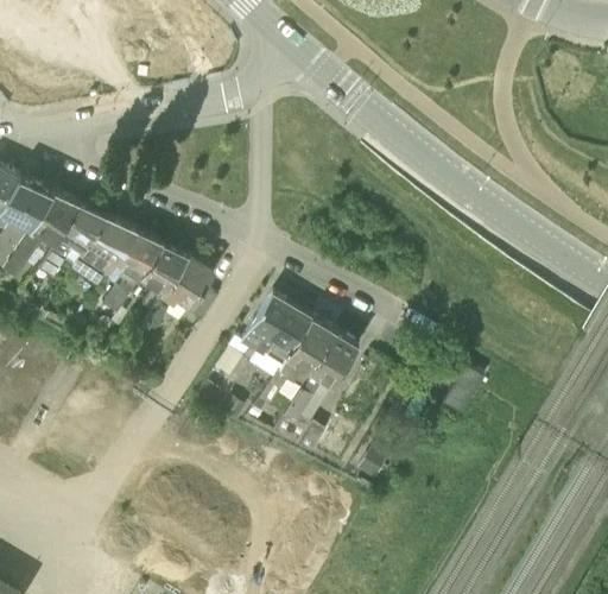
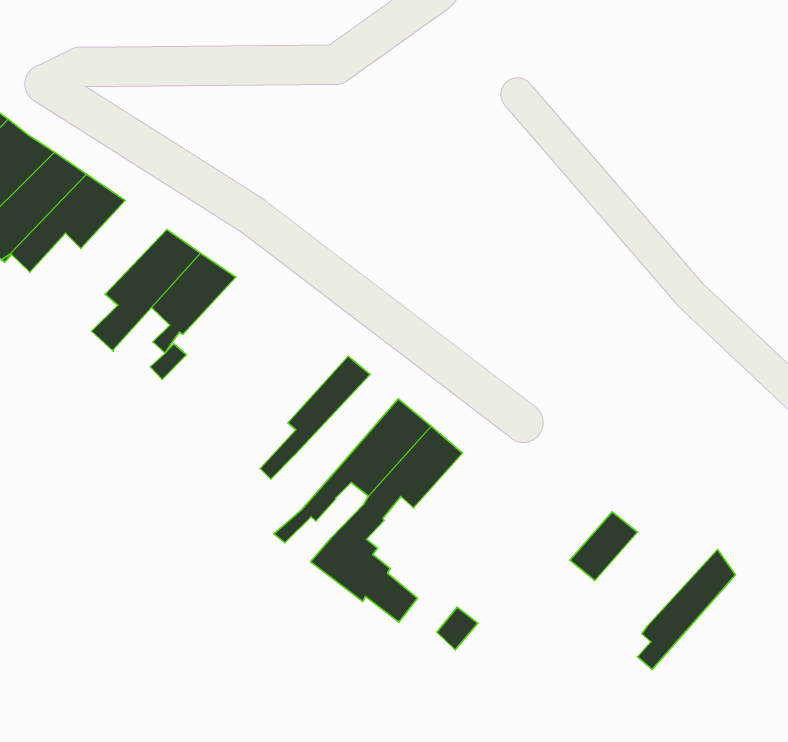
building: [68,216,137,289] -> none
building: [159,254,216,320] -> none
building: [247,303,309,379] -> none
building: none -> [638,549,736,669]

